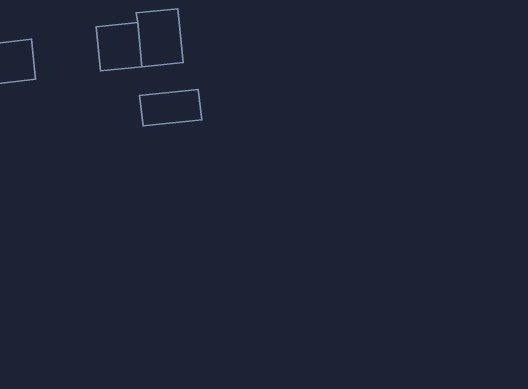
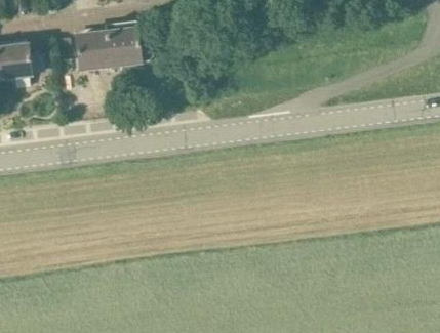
building: [140,89,202,126] -> none

